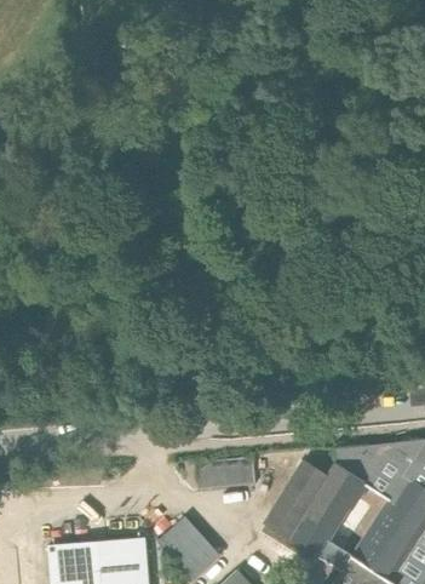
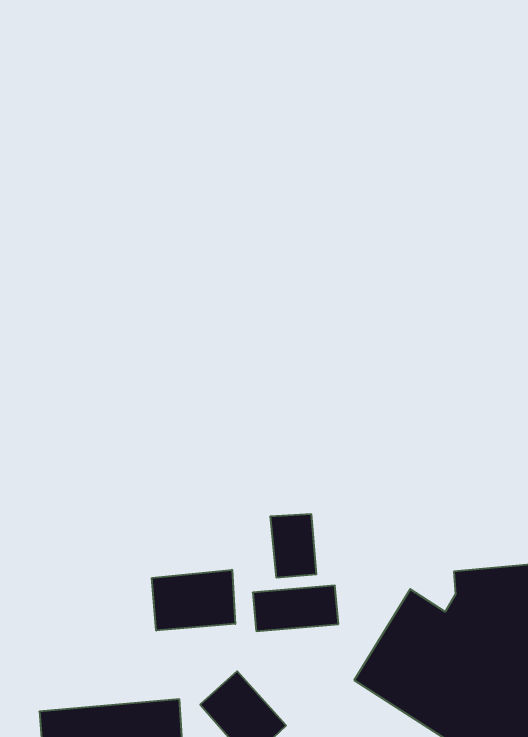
building: none -> [270,514,316,578]
building: none -> [152,570,235,631]

